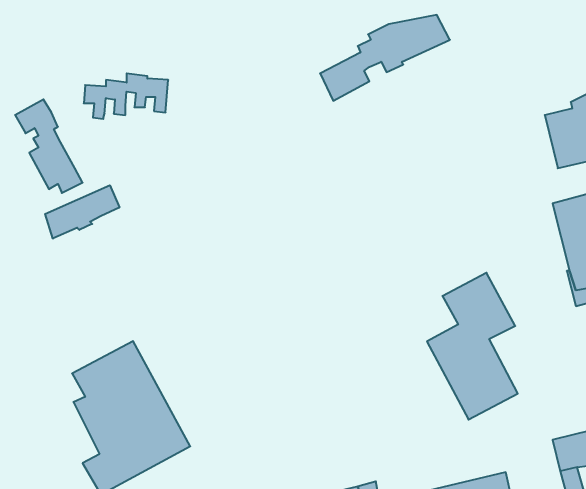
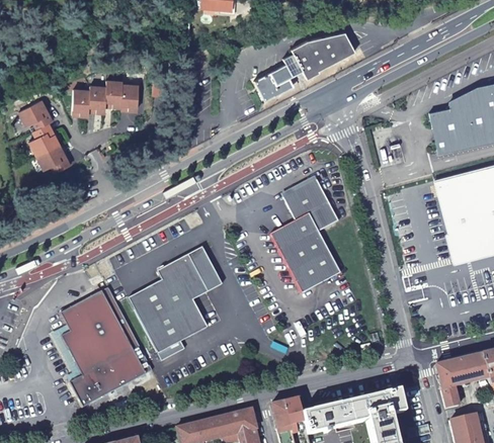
building: [45,185,119,239] -> none
building: [427,273,518,420] -> [272,179,343,293]
building: none -> [130,247,223,362]

